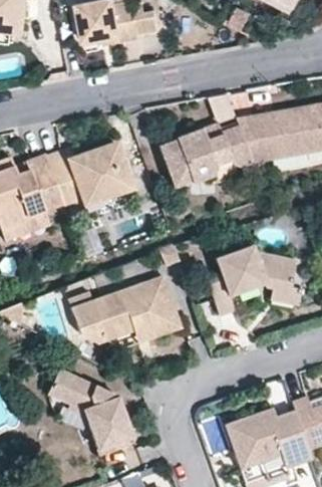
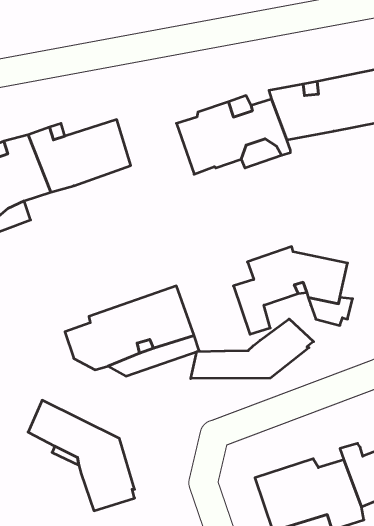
building: none -> [191,319,314,379]

